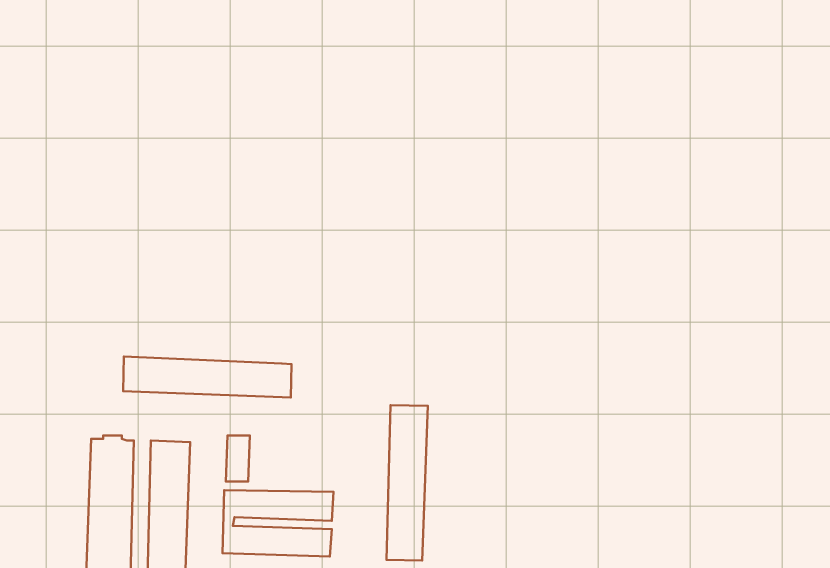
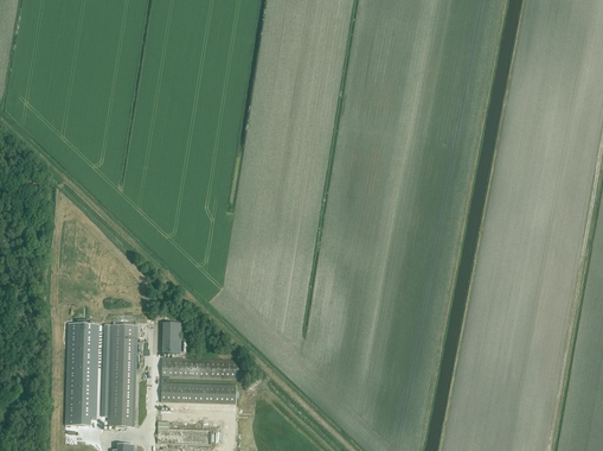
building: [123,357,292,397] -> none
building: [386,405,428,561] -> none

